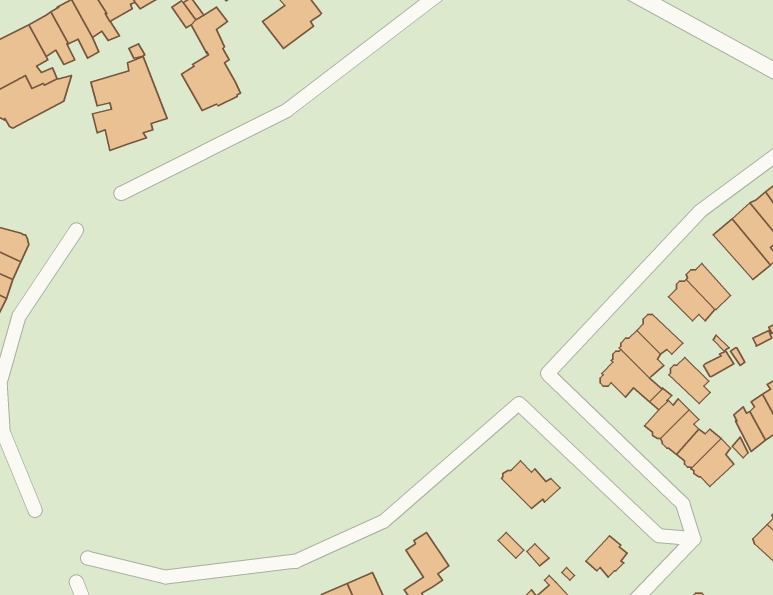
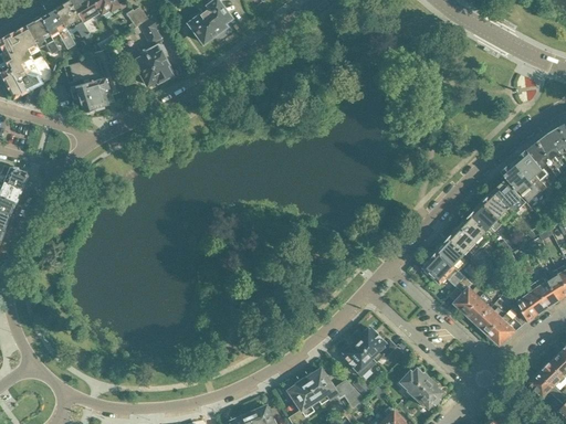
building: none -> [494,180,527,213]
building: [669,357,710,404] -> [460,214,489,246]
building: none -> [342,340,376,374]
building: none -> [399,367,430,398]
building: none -> [303,369,364,407]

